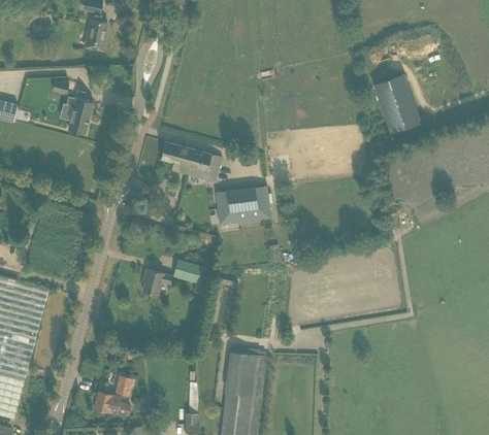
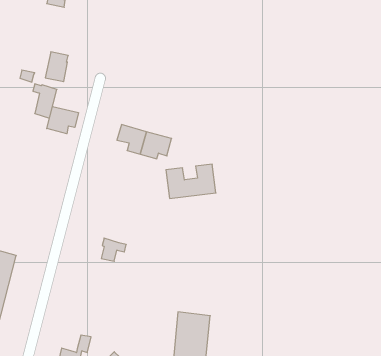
building: [83,19,108,52] -> [45,52,68,82]
building: [372,72,420,133] -> none
building: none -> [47,106,78,134]
building: [173,260,207,283] -> none

